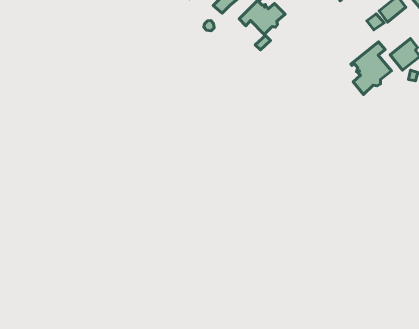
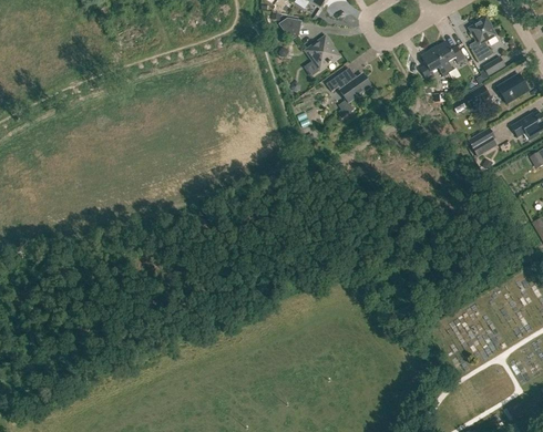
building: [351,42,391,94] -> none

